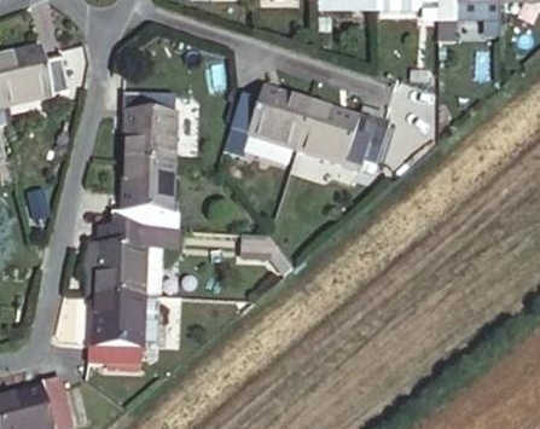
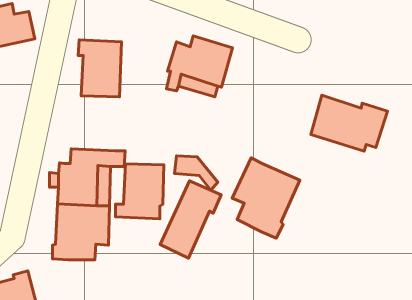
building: [297,100,391,169] -> [311,95,388,151]
building: [112,160,172,227] -> [116,164,164,219]
building: none -> [232,158,300,238]
building: none -> [160,181,221,258]

